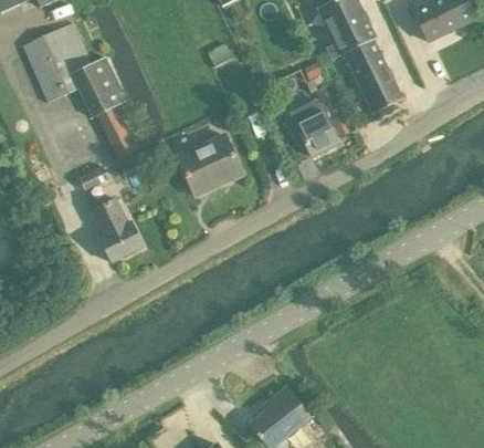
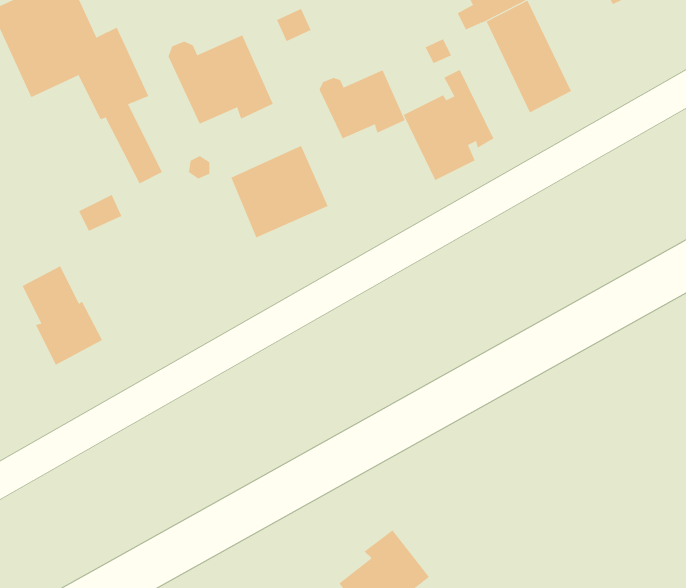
building: none -> [168,34,274,125]
building: none -> [319,69,405,139]
building: [91,196,144,261] -> [22,266,103,366]

